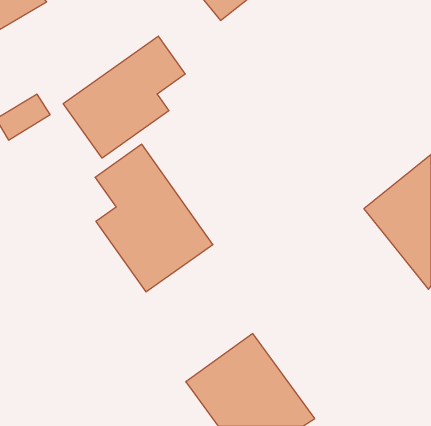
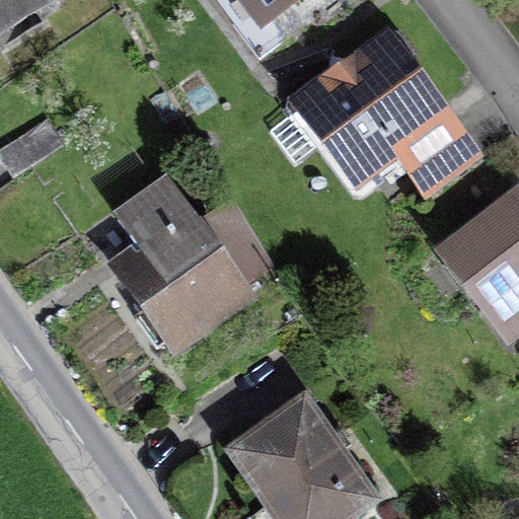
building: none -> [291,27,484,196]
building: [63,36,185,158] -> none

